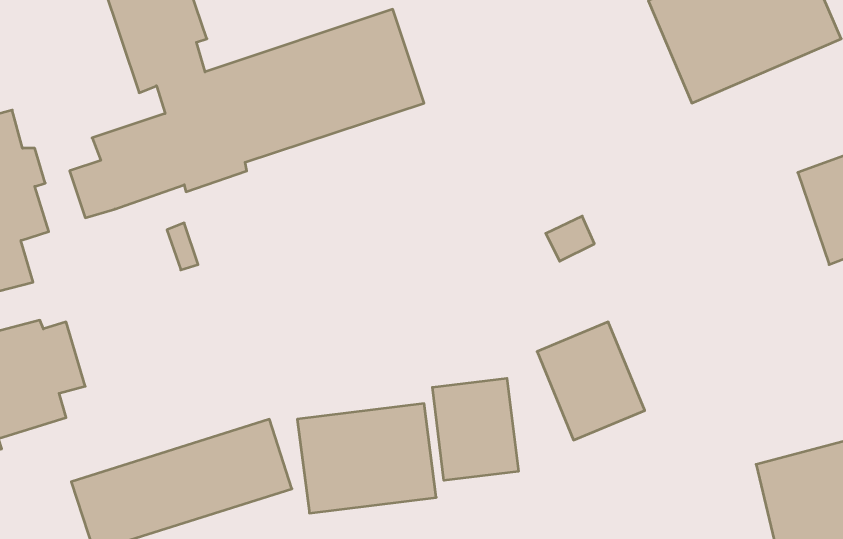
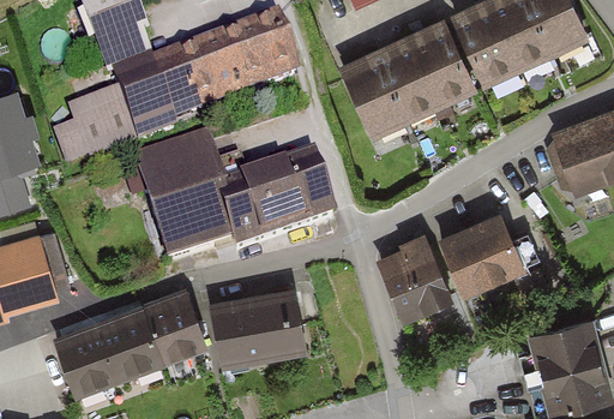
building: none -> [341,20,475,138]
building: none -> [137,136,335,263]
building: none -> [439,211,525,293]
building: [432,378,518,480] -> none

